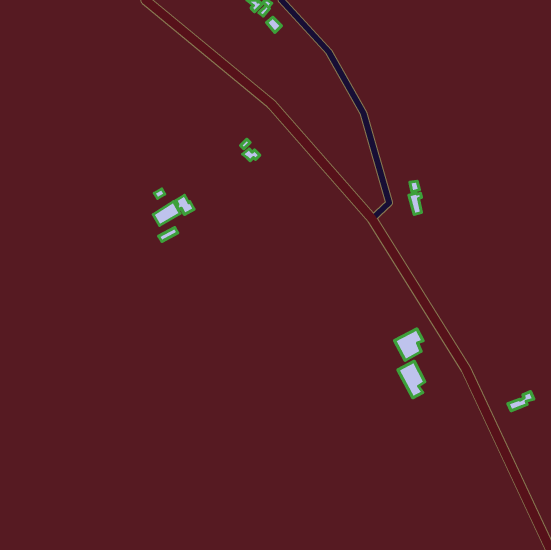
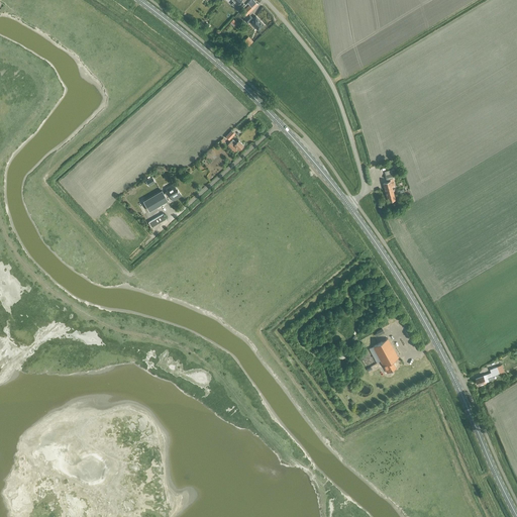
building: [394,329,423,360] -> none

